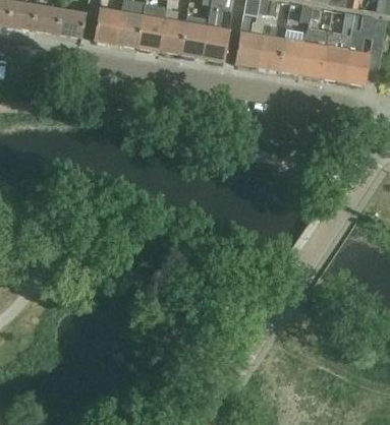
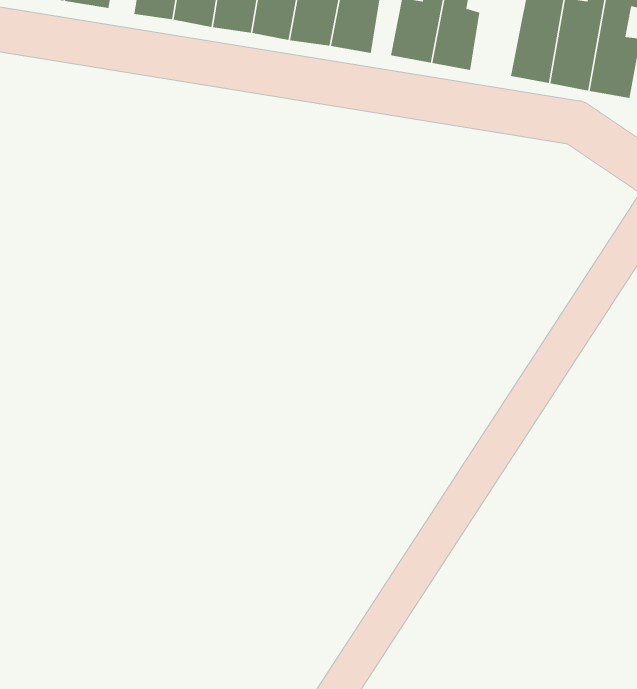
building: [278,39,305,73] -> none

